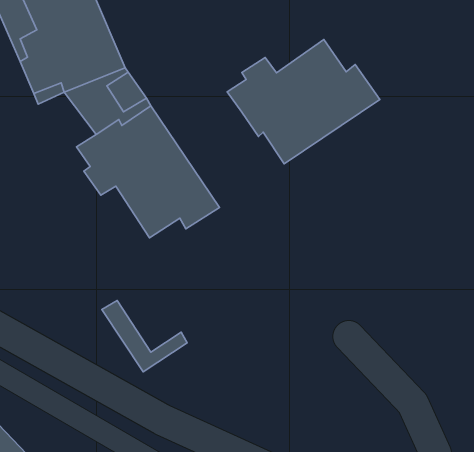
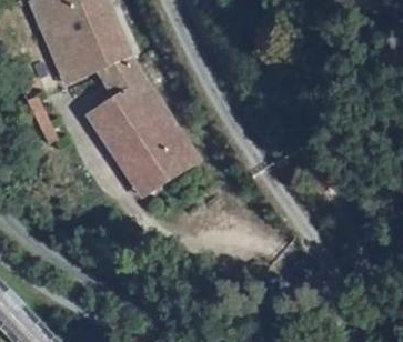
building: [227,40,380,164] -> none
building: [102,300,187,372] -> [109,141,171,193]

